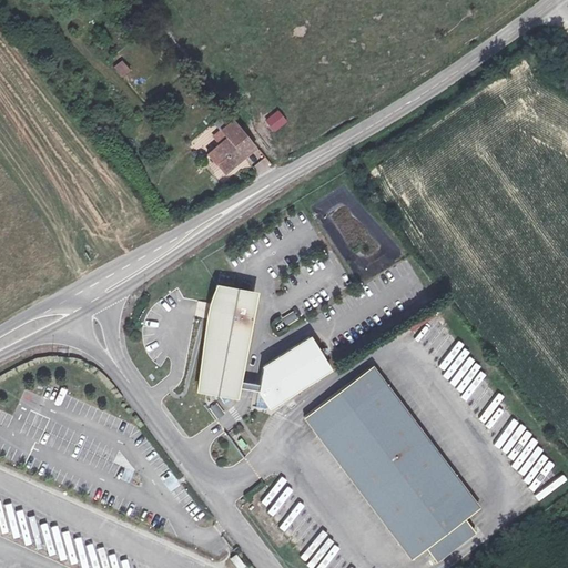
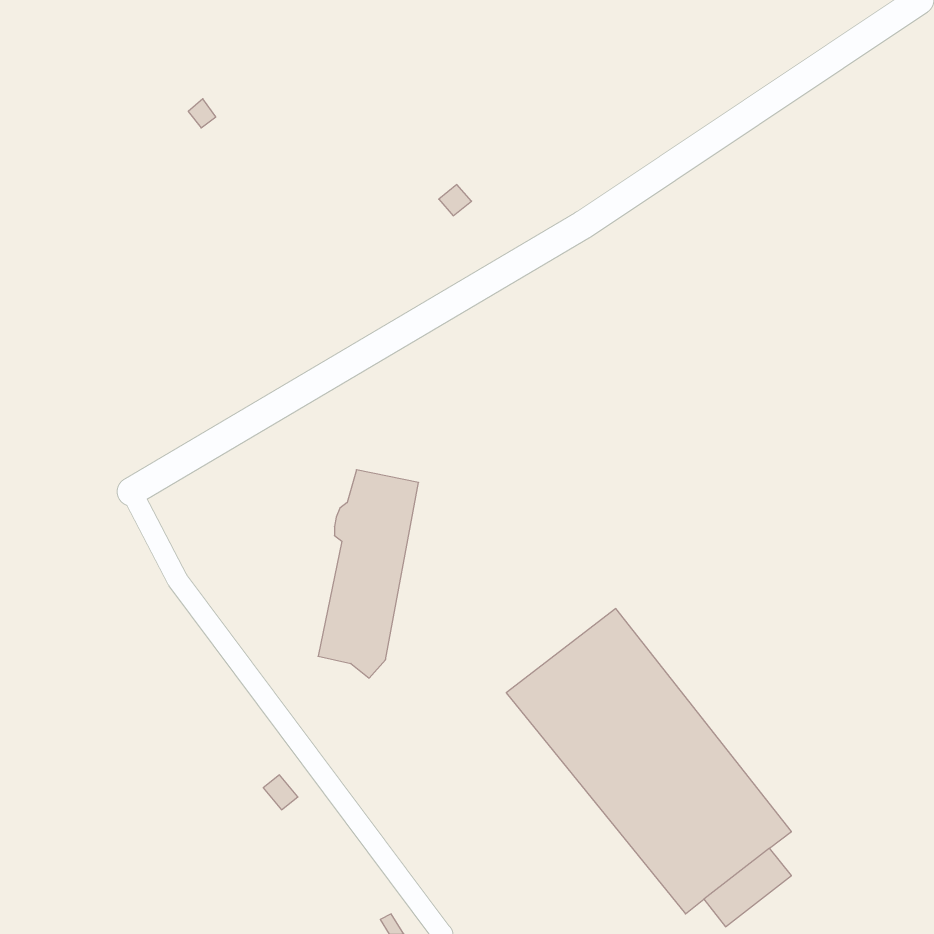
building: [209,122,255,173] -> none
building: [257,339,327,410] -> none

